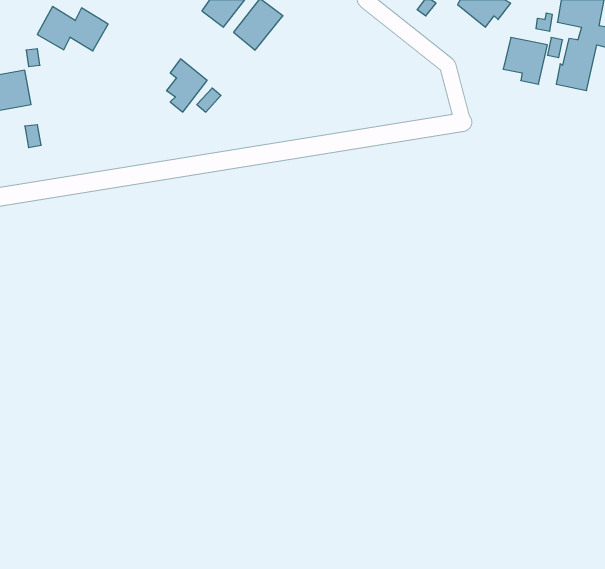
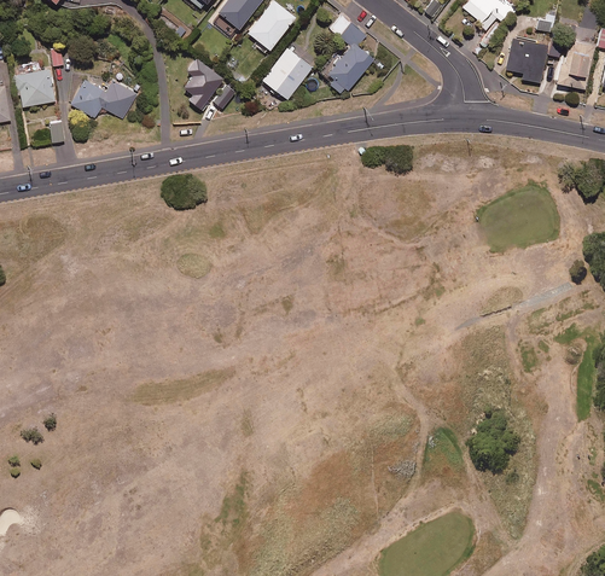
building: [37,7,108,51] -> [71,78,139,121]
building: none -> [321,13,374,95]
building: none -> [262,47,313,99]

